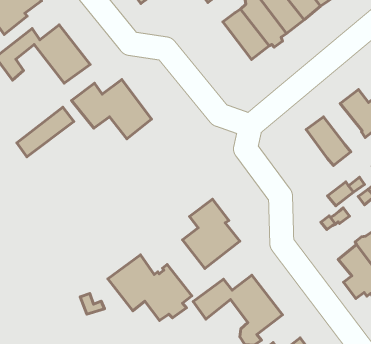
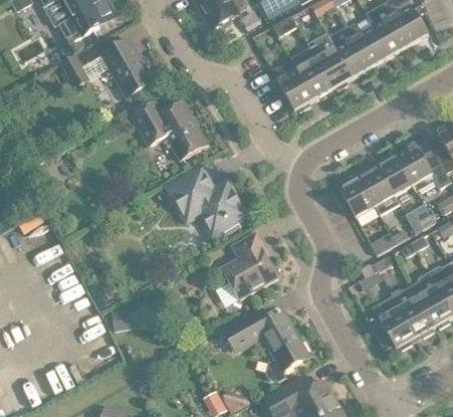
building: none -> [270,64,313,112]
building: none -> [377,154,413,195]
building: [17,107,74,157] -> none
building: none -> [337,172,375,217]
building: [108,255,192,321] -> [167,167,247,234]

